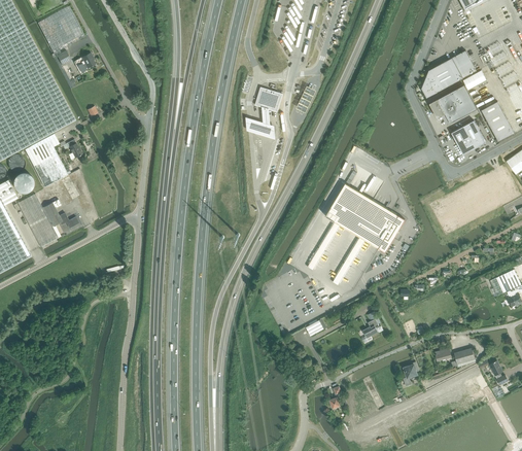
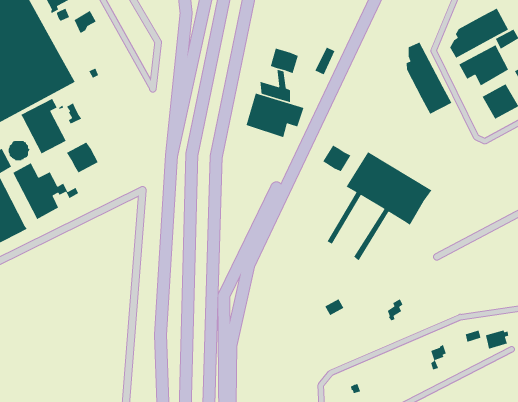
building: none -> [406,41,452,115]
building: none -> [245,93,305,138]
building: none -> [66,142,99,173]
building: none -> [322,145,352,172]

